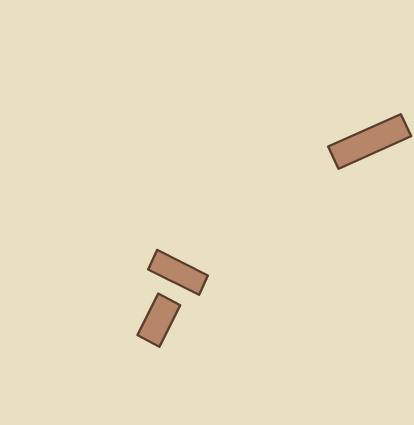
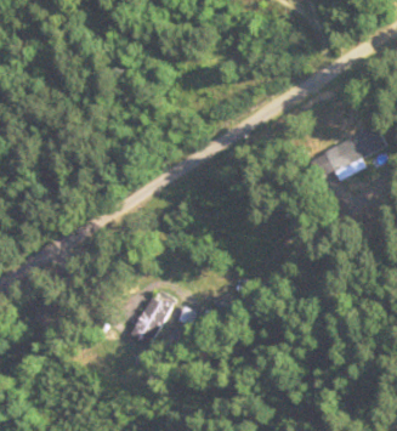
building: [148,250,208,295] -> none

